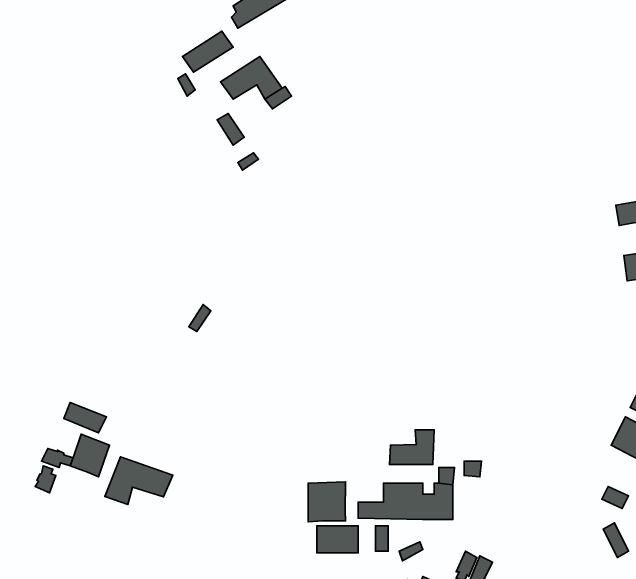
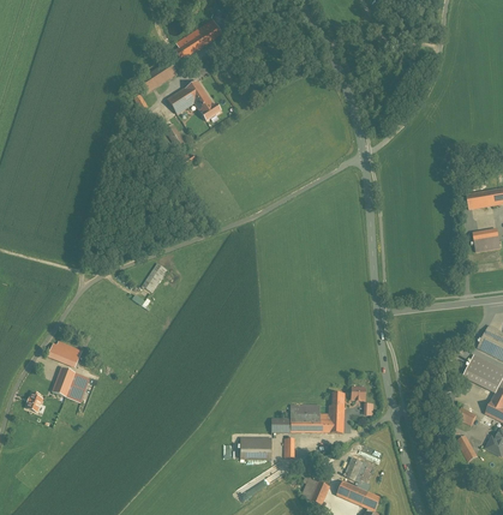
building: [389,430,434,464] -> none
building: [105,457,173,504] -> none
building: [308,482,346,522] -> none

